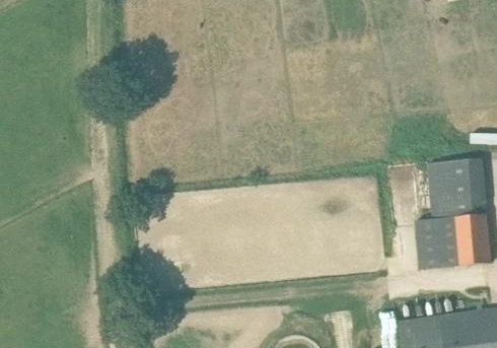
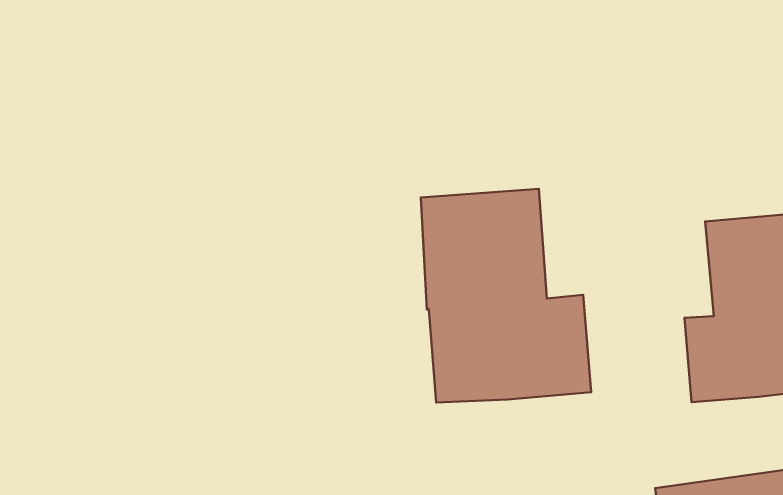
building: none -> [421,189,591,403]

